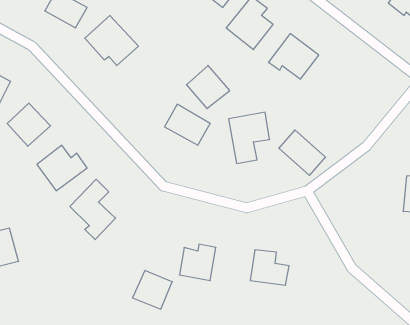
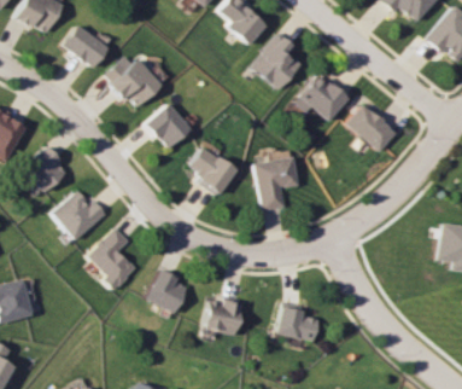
building: [186,65,230,109] -> [146,103,192,149]
building: [279,130,326,175] -> [347,104,397,152]
building: [132,270,172,309] -> [146,271,188,312]

